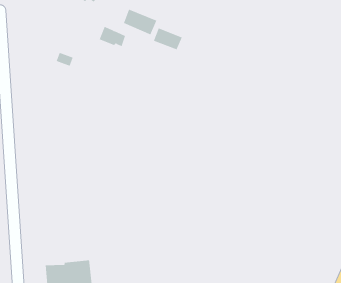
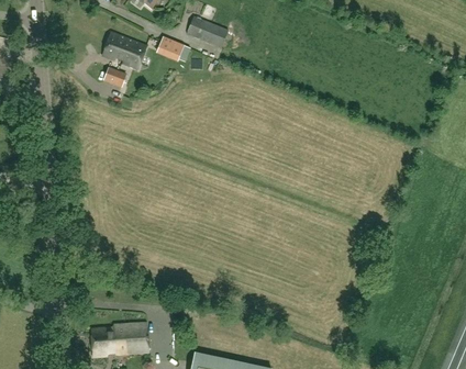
building: none -> [102,33,146,69]
building: [153,27,182,50] -> none

